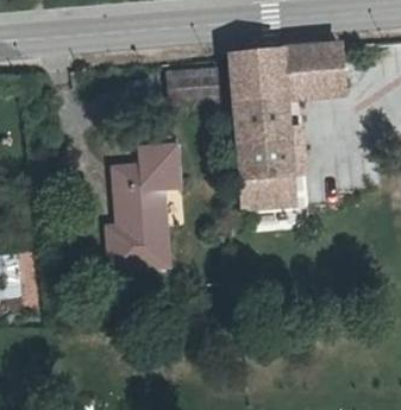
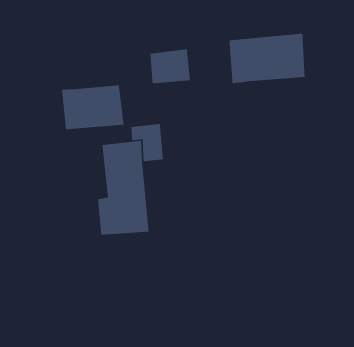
building: [230,51,288,210] -> none
building: none -> [61,84,124,130]

